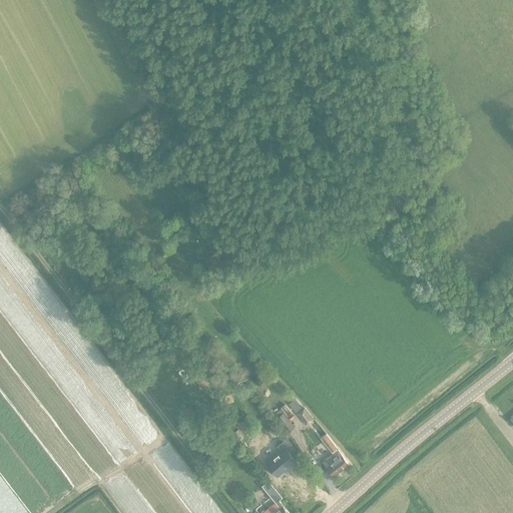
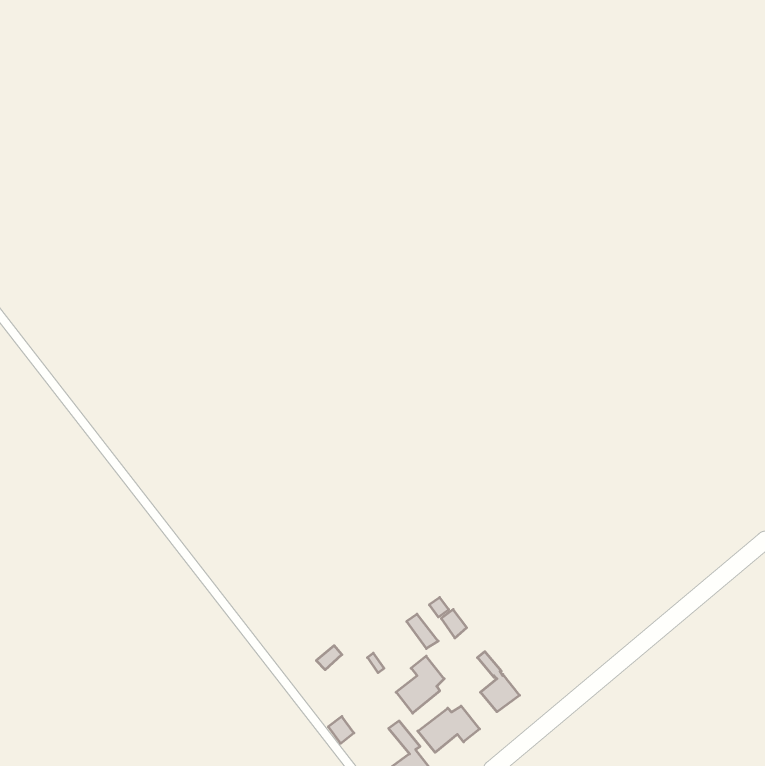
building: none -> [418,706,480,752]

